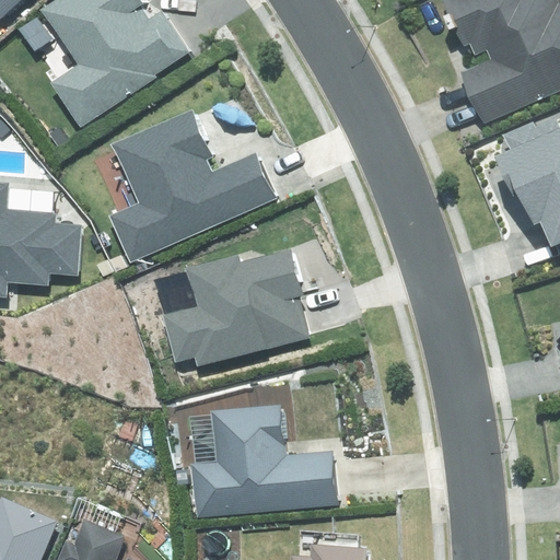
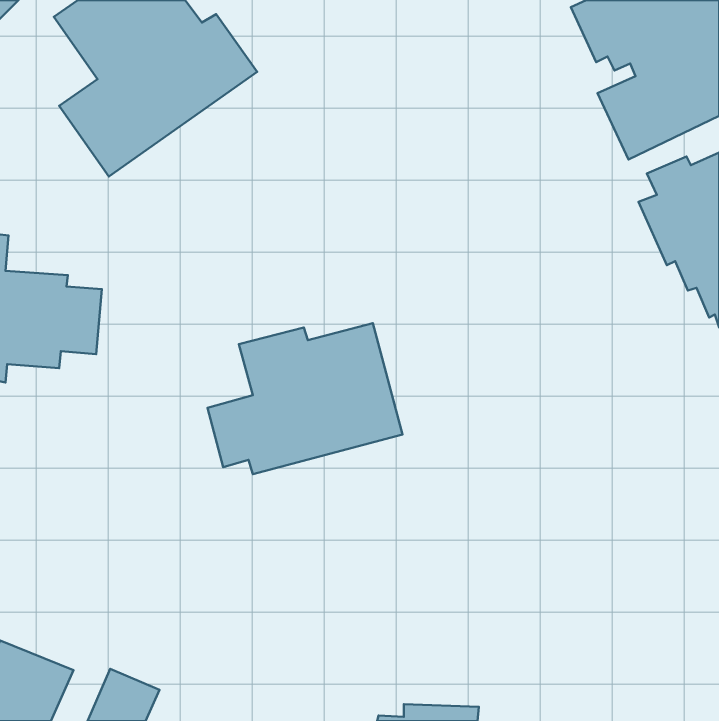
building: [117,116,276,260] -> none
building: [189,405,337,518] -> none

